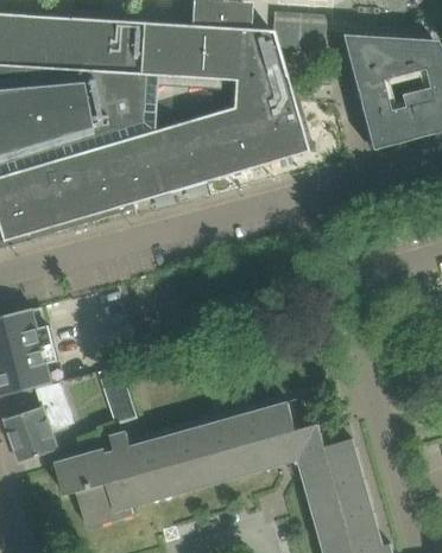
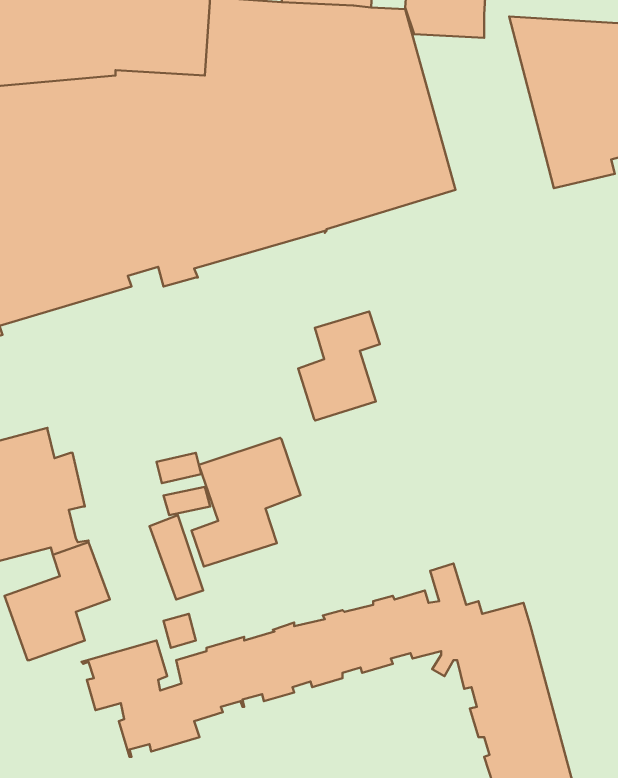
building: none -> [298,312,380,420]
building: none -> [191,438,301,567]

